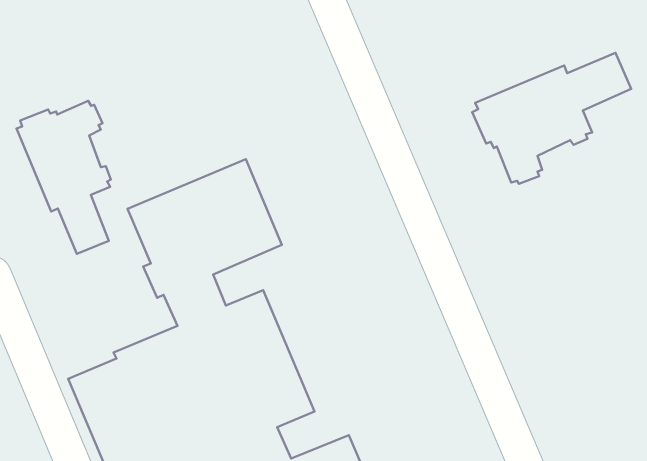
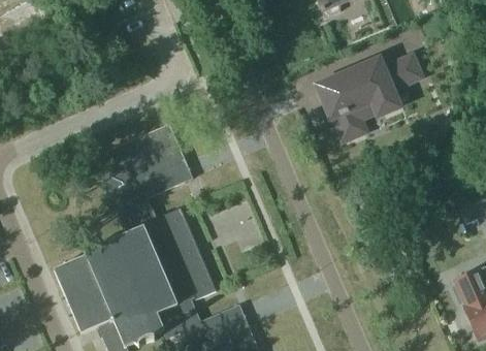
building: [16,101,111,254] -> none

